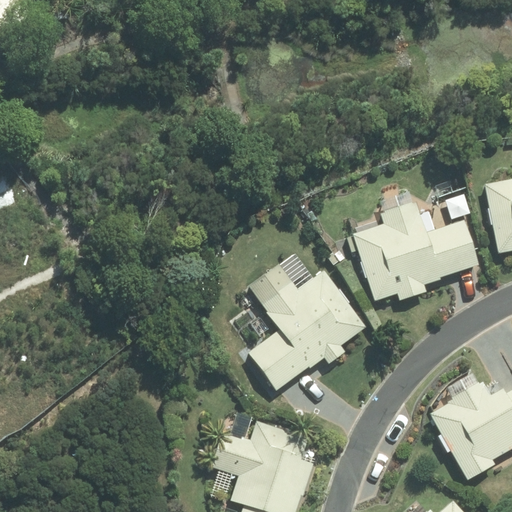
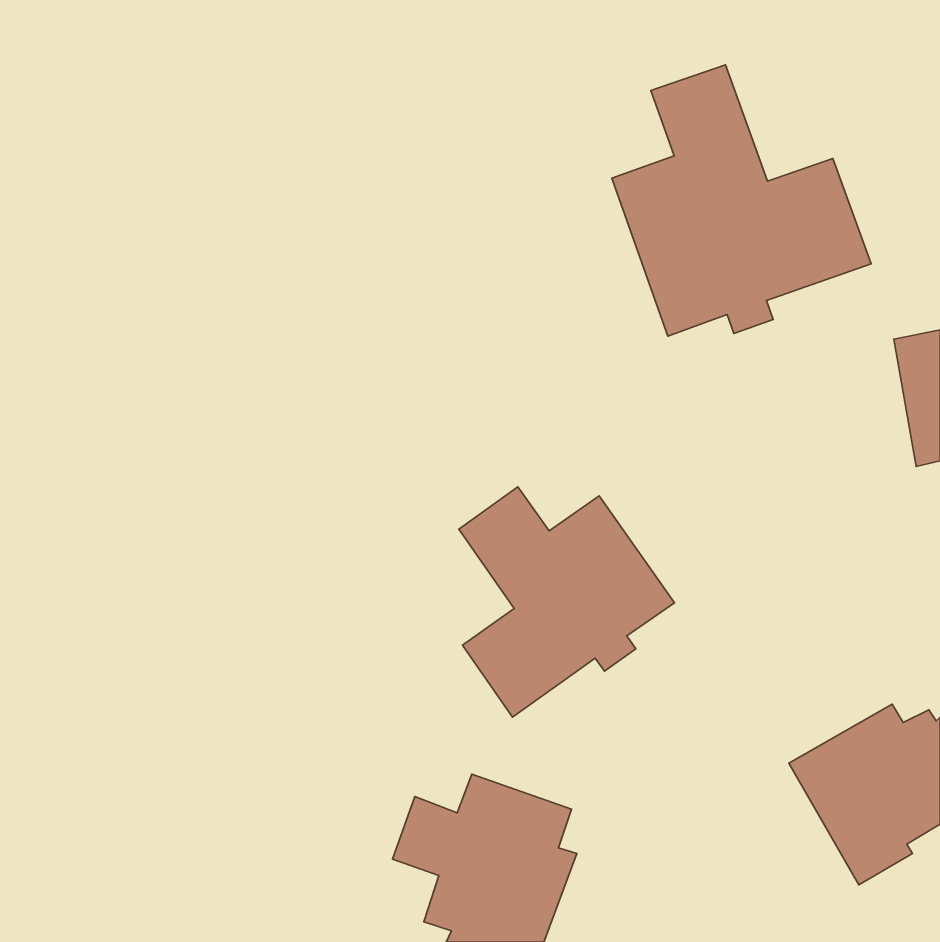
building: none -> [612,65,871,336]
building: [352,201,480,300] -> none

